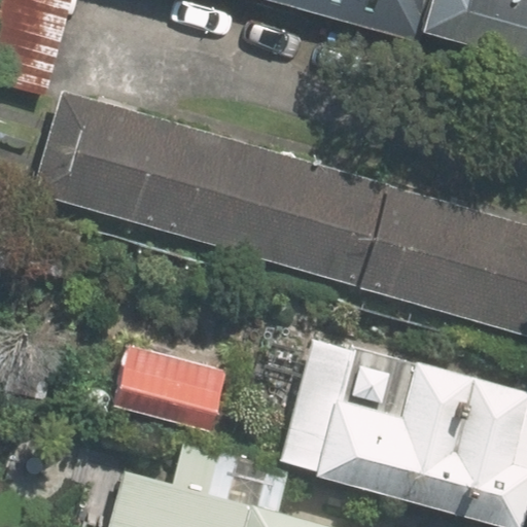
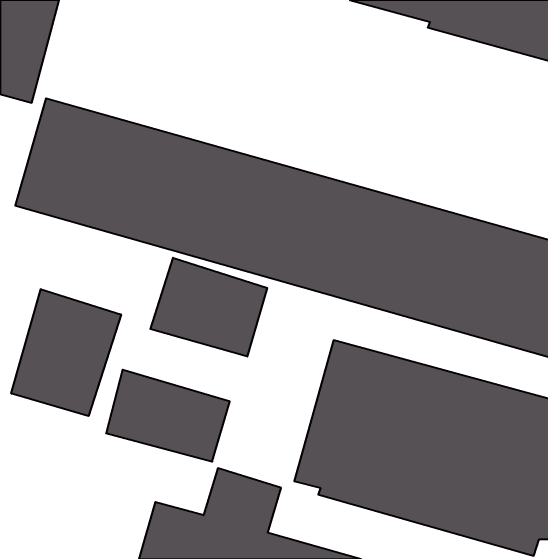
building: none -> [150,258,267,357]
building: none -> [11,289,121,416]

